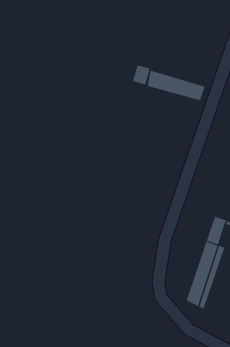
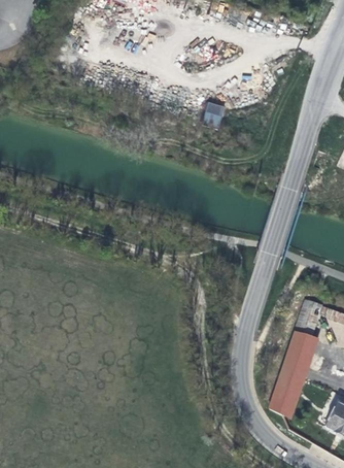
building: [147,70,205,101] -> none

